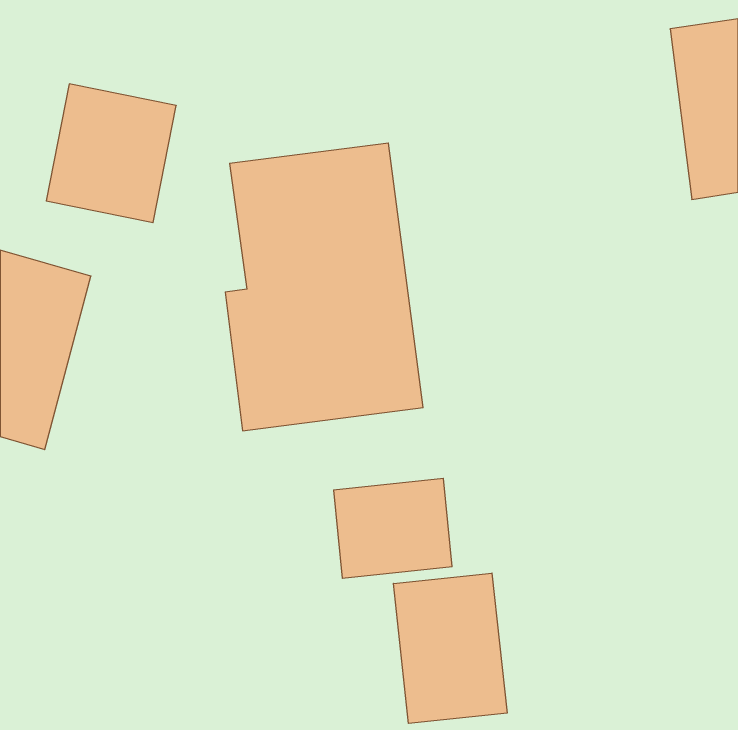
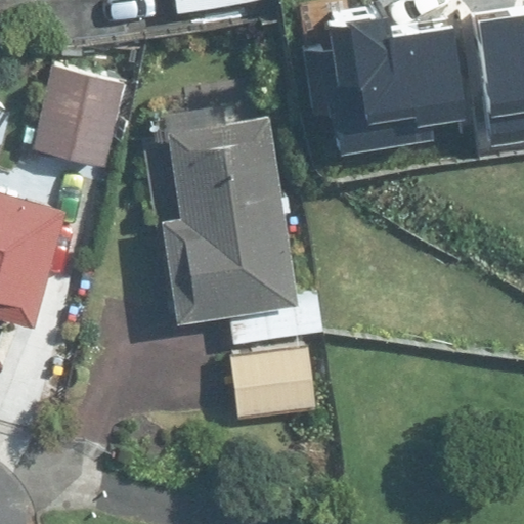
building: none -> [307,27,469,162]
building: [393,573,507,723] -> none

